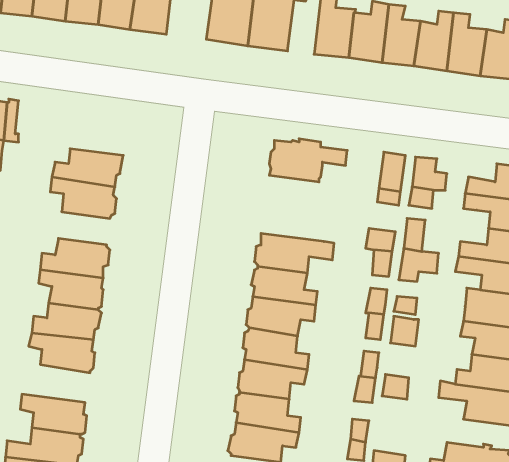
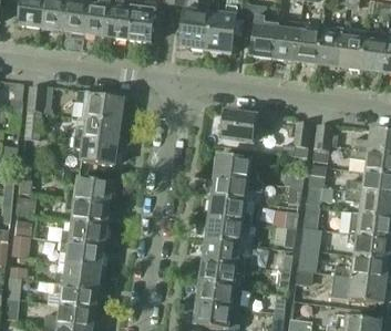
building: none -> [76,89,123,122]
building: none -> [214,153,257,179]
building: none -> [54,261,101,287]

